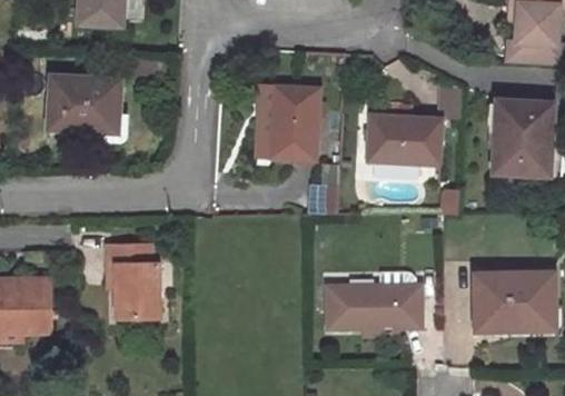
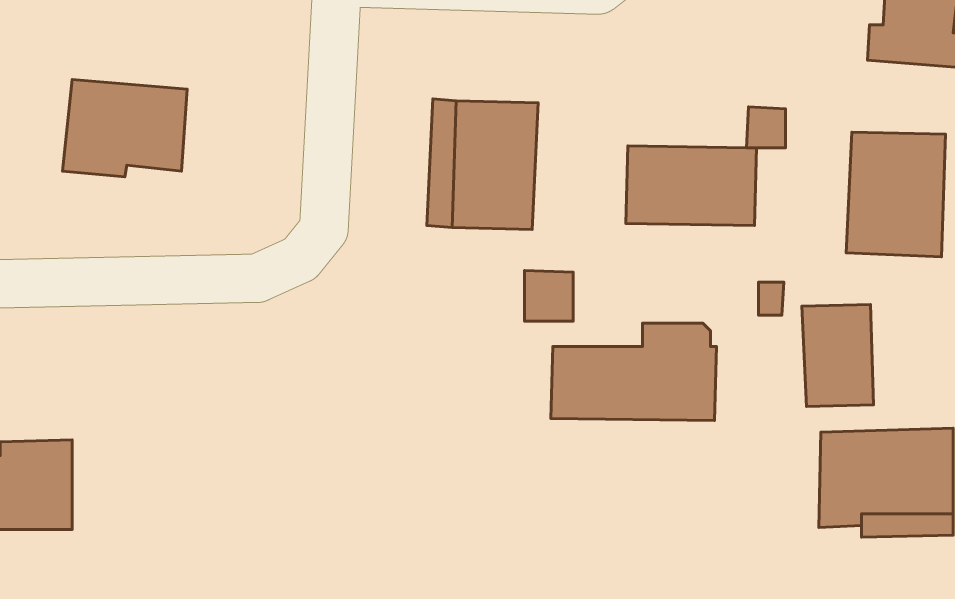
building: none -> [802,305,874,407]
building: [109,245,160,316] -> none
building: [328,276,423,331] -> [551,323,716,420]

